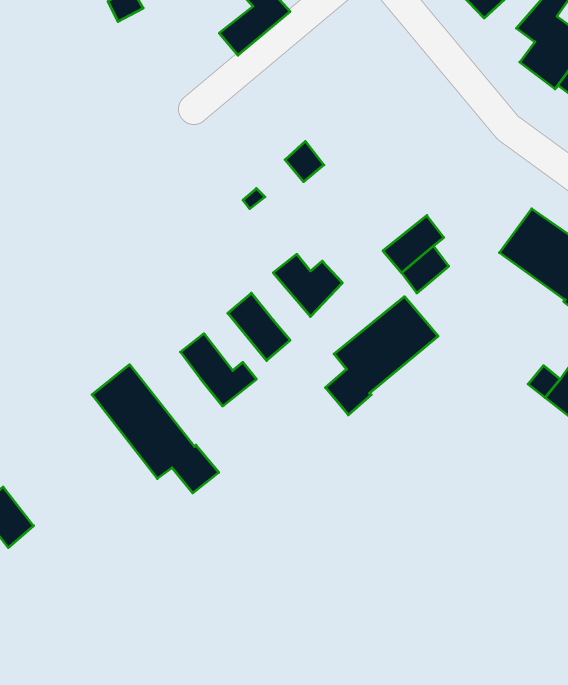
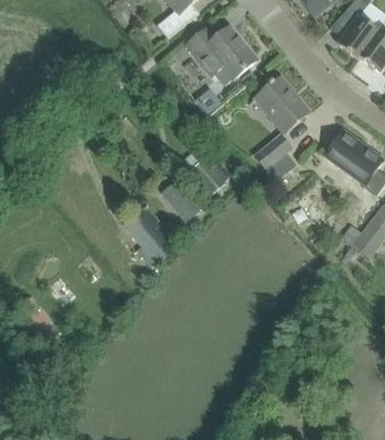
building: none -> [186,27,256,79]
building: none -> [255,77,309,132]
building: [325,297,438,415] -> none
building: [92,365,219,493] -> none

